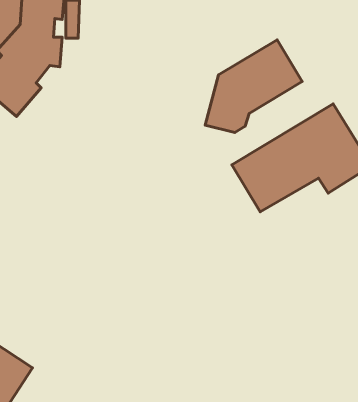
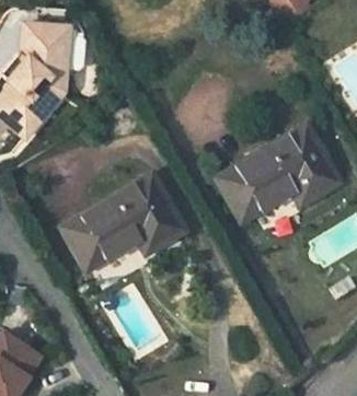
building: [205,40,302,132] -> none
building: none -> [59,172,184,269]

